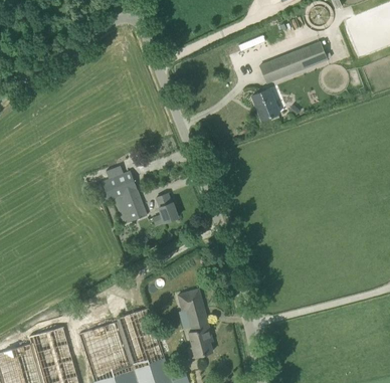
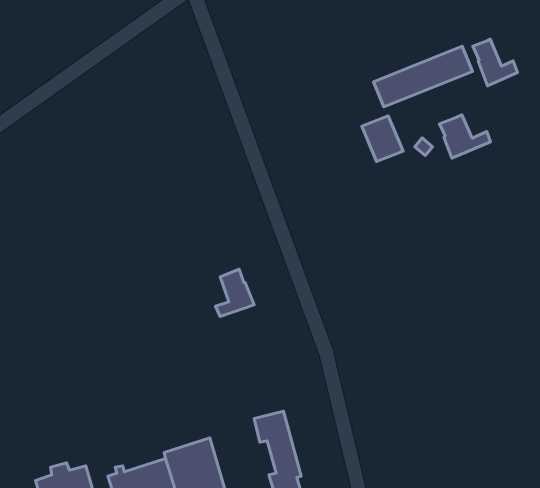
building: none -> [473,39,517,86]
building: none -> [440,115,490,158]
building: [94,166,148,225] -> none

